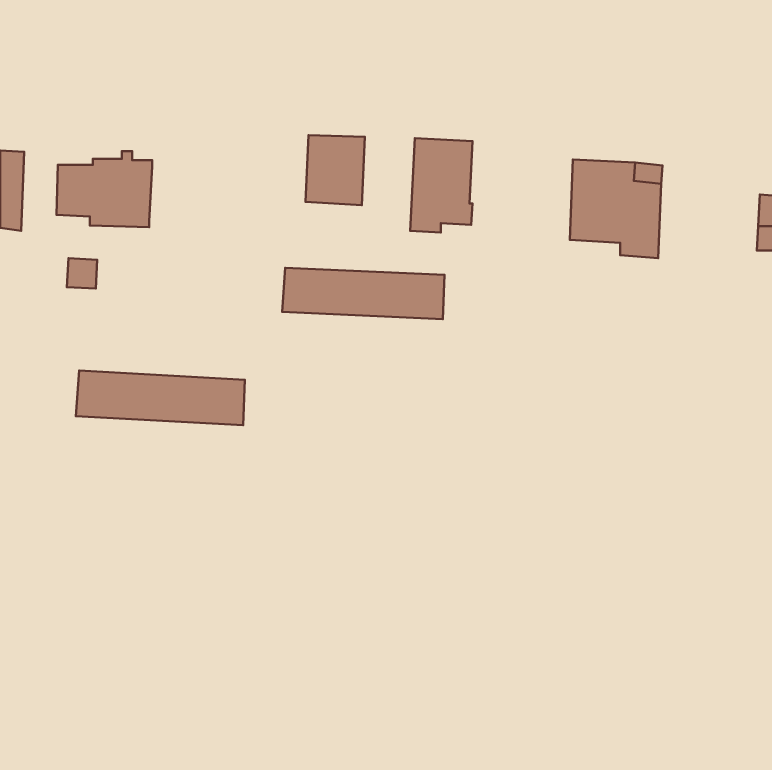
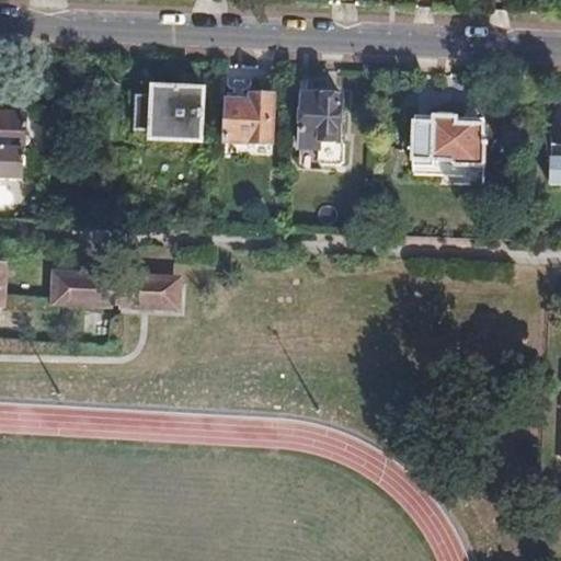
building: [56,151,152,227] -> [127,79,196,134]
building: [282,268,444,319] -> none

